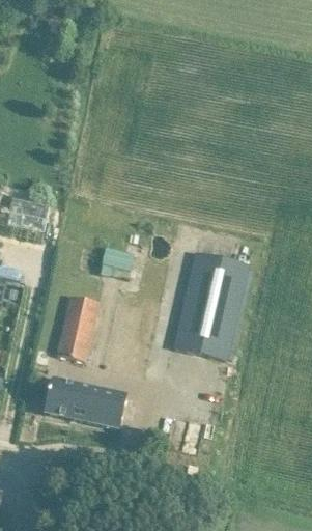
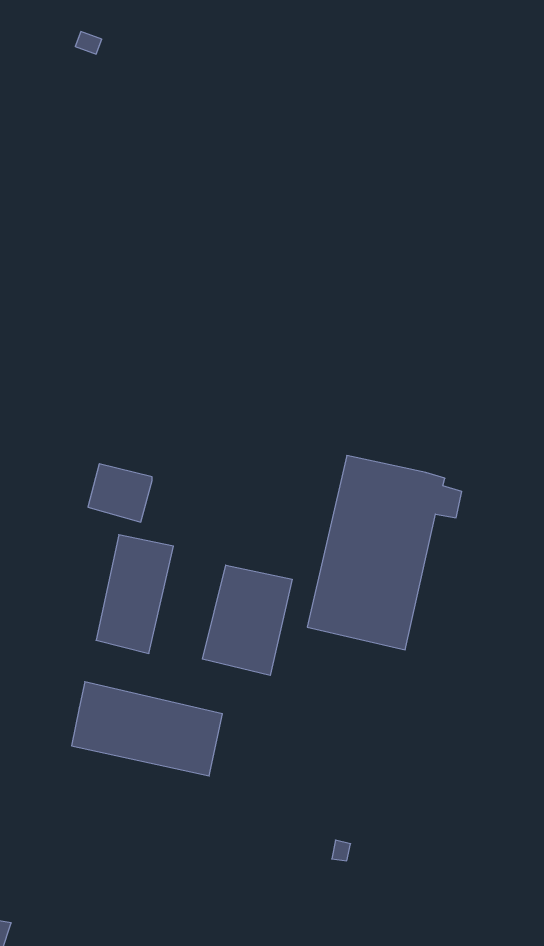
building: [100,245,135,277] -> [88,464,152,522]
building: none -> [202,565,292,675]

